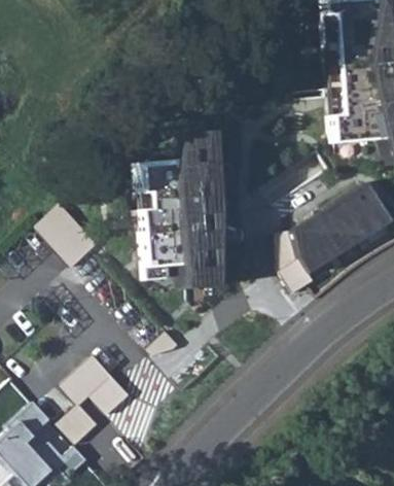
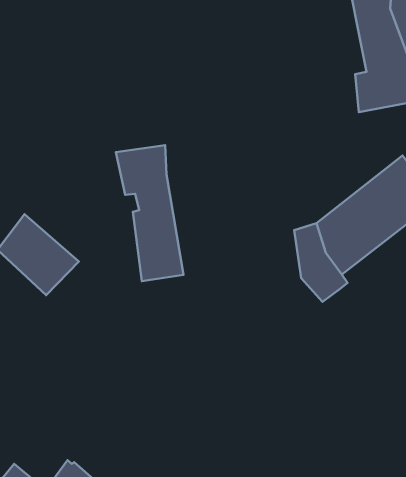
building: [176,126,218,285] -> none
building: [59,355,127,415] -> none

